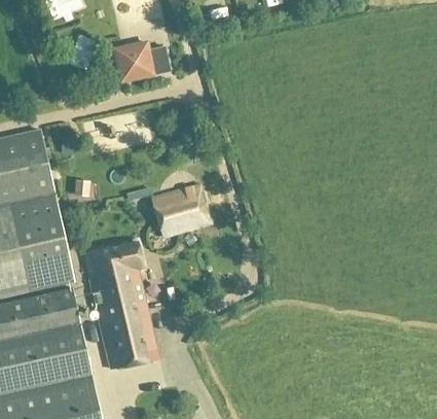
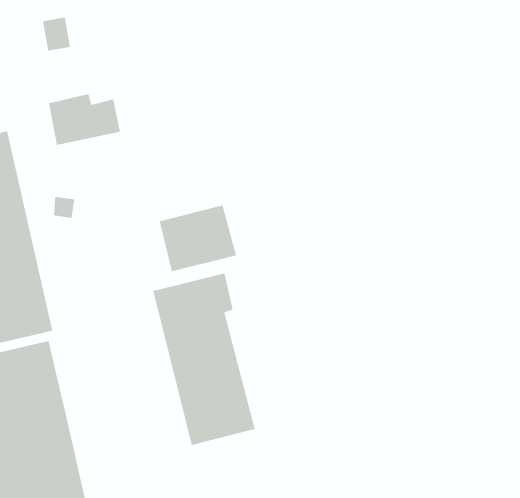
building: [115,42,170,81] -> [48,93,121,146]
building: [82,240,159,370] -> [153,273,255,446]

